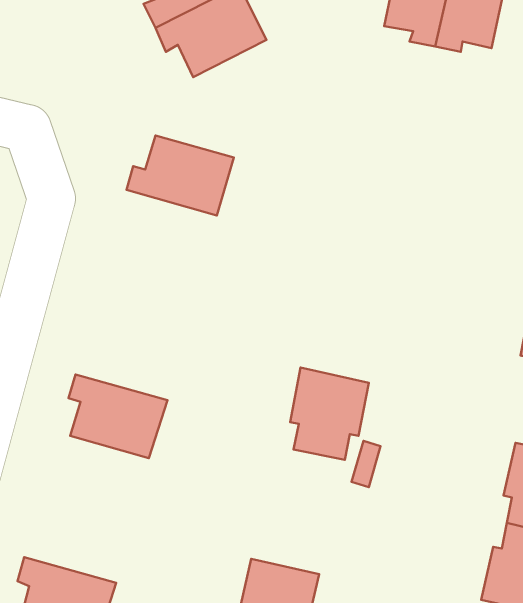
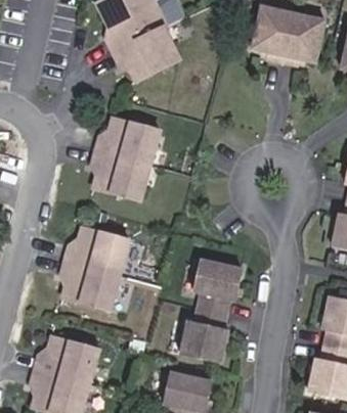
building: none -> [91,148,149,199]
building: none -> [64,225,129,274]
building: none -> [179,304,227,359]
building: none -> [34,335,98,383]

